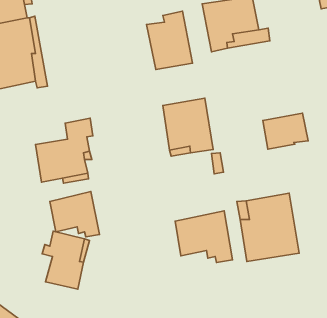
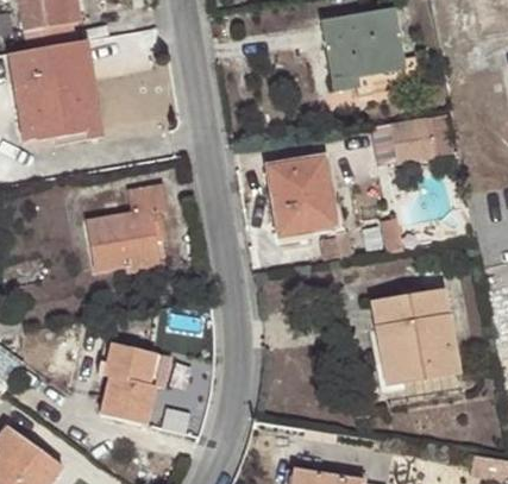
building: [147,11,192,69] -> none
building: [263,113,308,149] -> [389,113,453,164]
building: [50,191,99,237] -> none
building: [175,211,232,262] -> none

